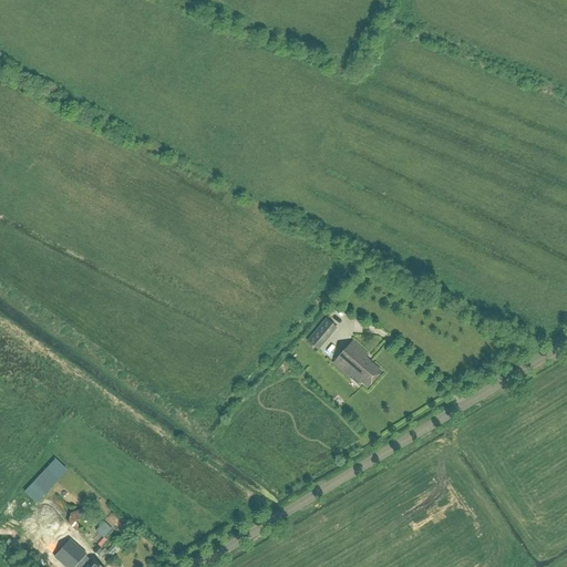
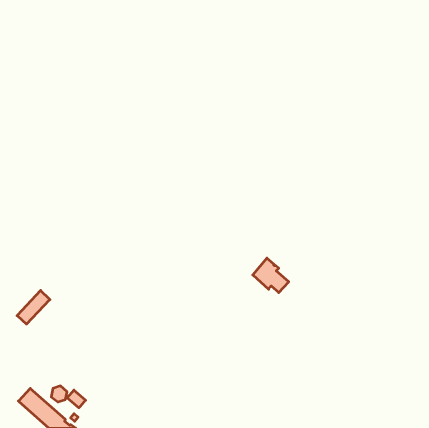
building: [307,317,337,349] -> none
building: [24,457,68,502] -> [17,290,50,324]

